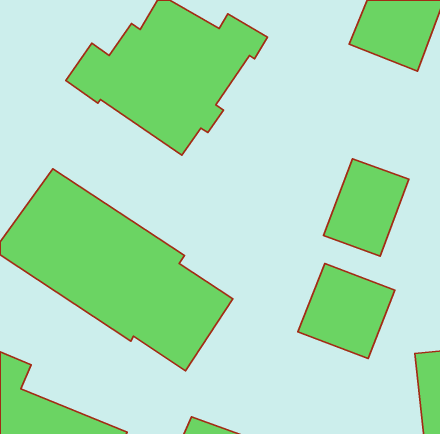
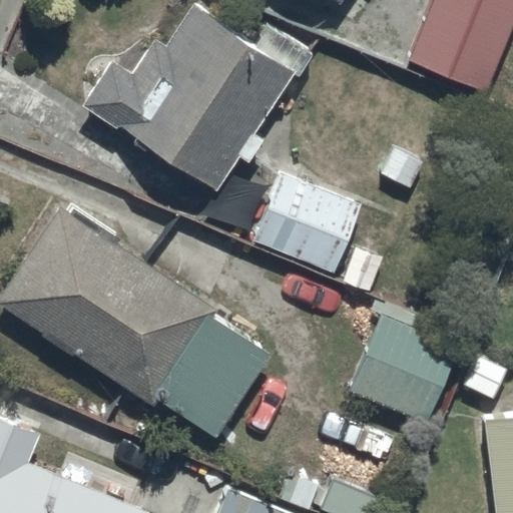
building: none -> [251,175,357,274]
building: [324,159,409,256] -> none

